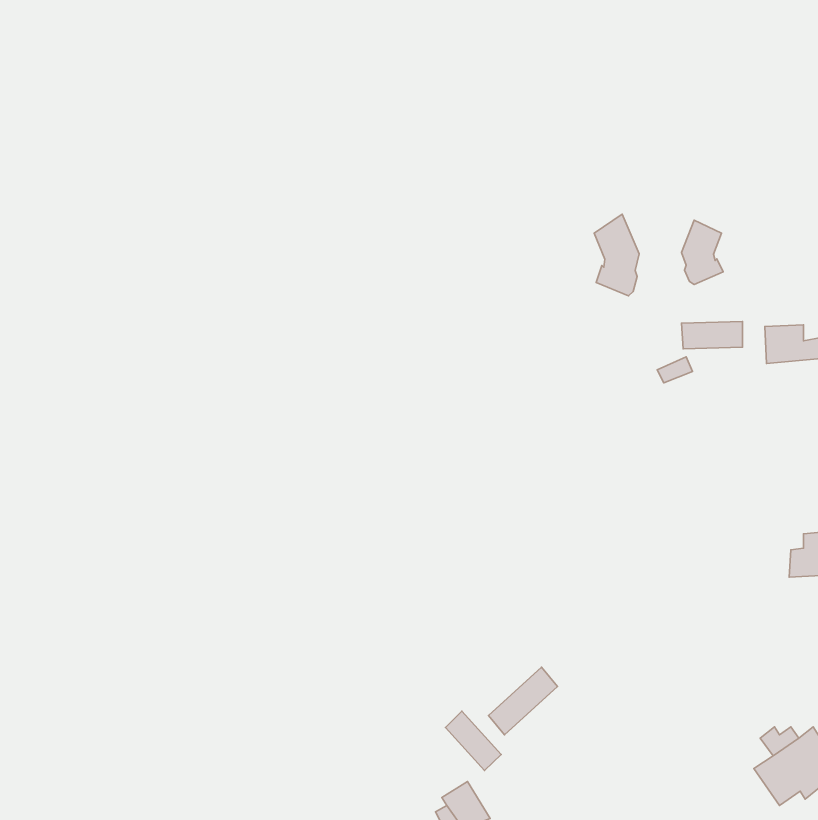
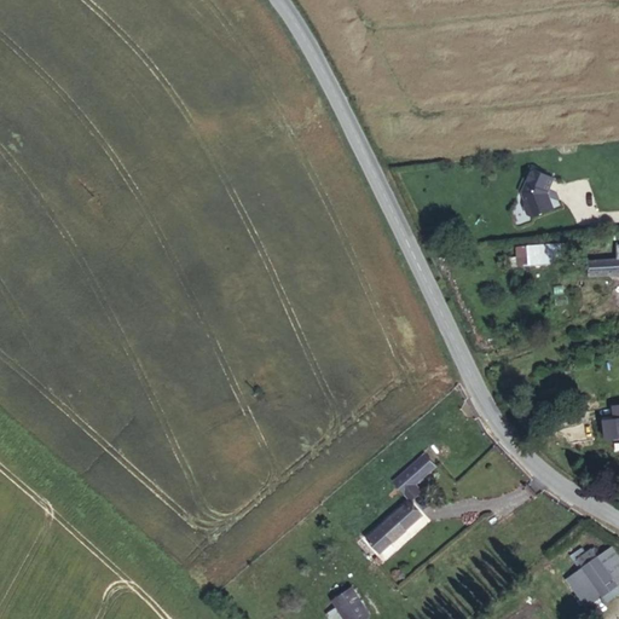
building: [594,214,639,296] -> none
building: none -> [398,456,438,501]
building: [445,711,501,770] -> none

